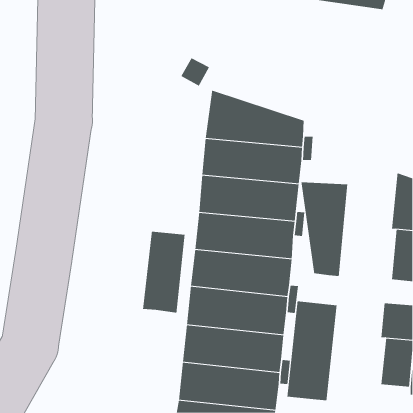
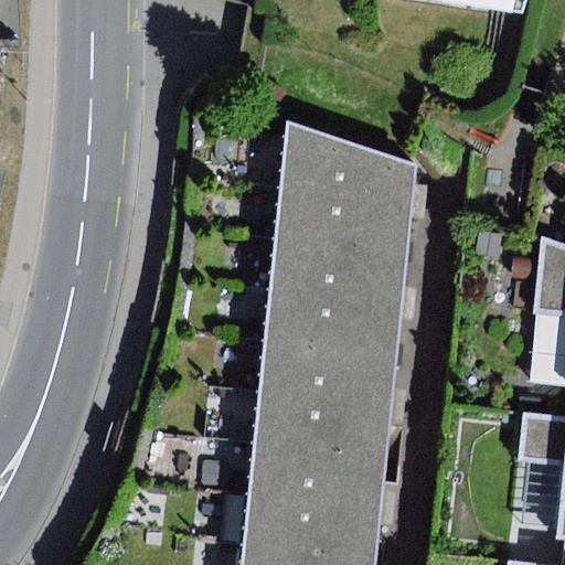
building: [301,181,348,277] -> none
building: [143,231,185,313] -> none
building: [287,301,337,401] -> none

